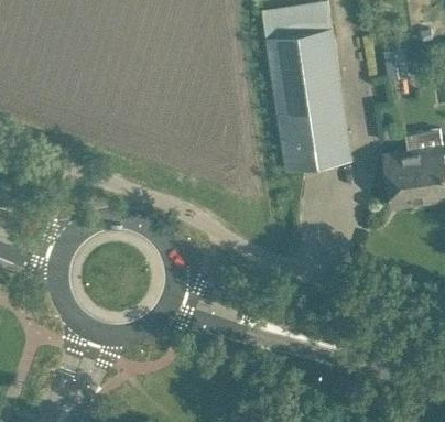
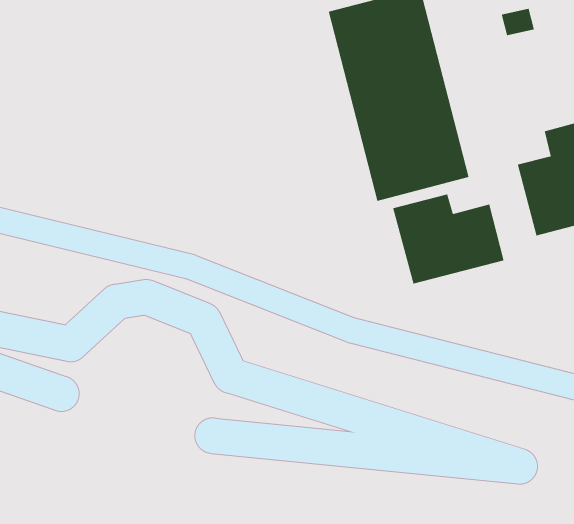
building: none -> [392,194,504,285]

